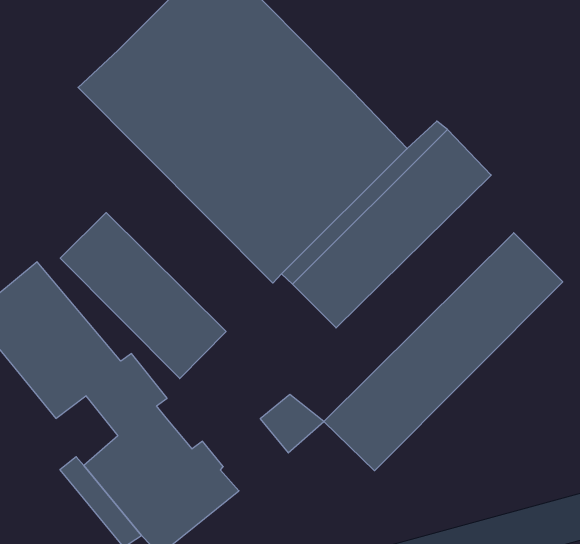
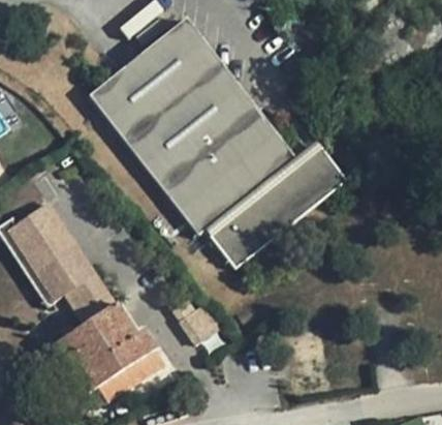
building: [60,213,226,379] -> none
building: [324,233,563,471] -> none

